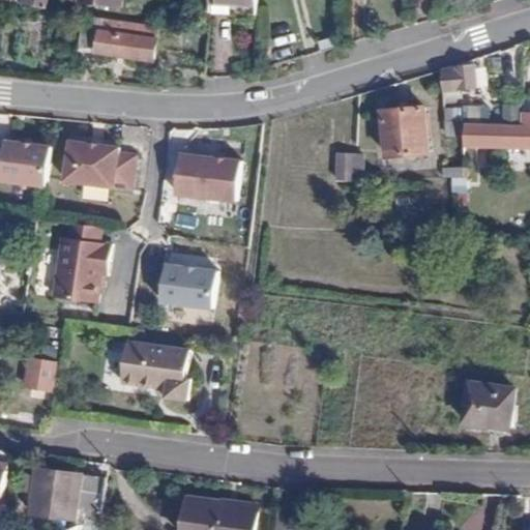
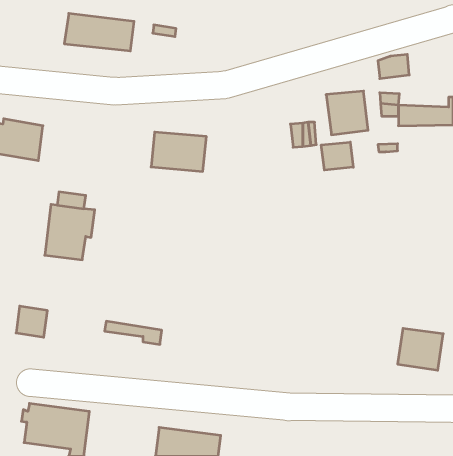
building: [64,140,135,189] -> none
building: none -> [321,142,353,170]
building: [160,265,217,307] -> none
building: [123,343,188,383] -> none

